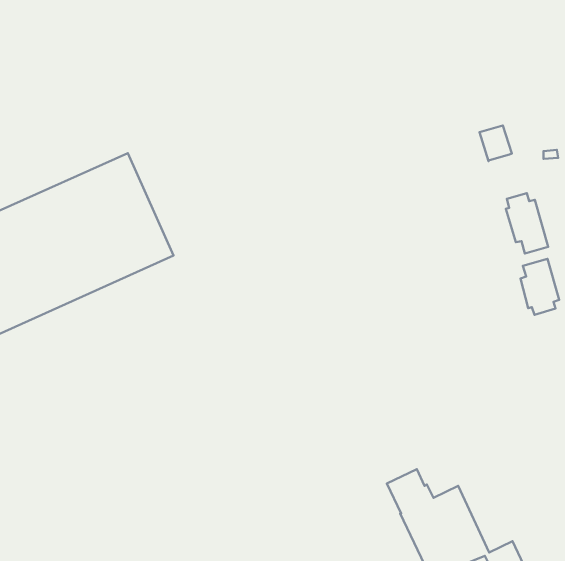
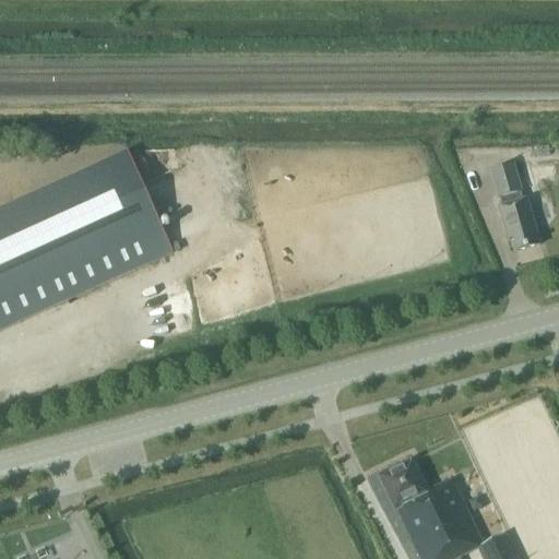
building: [480,126,512,161] -> [489,162,521,197]
building: [520,259,559,315] -> none

